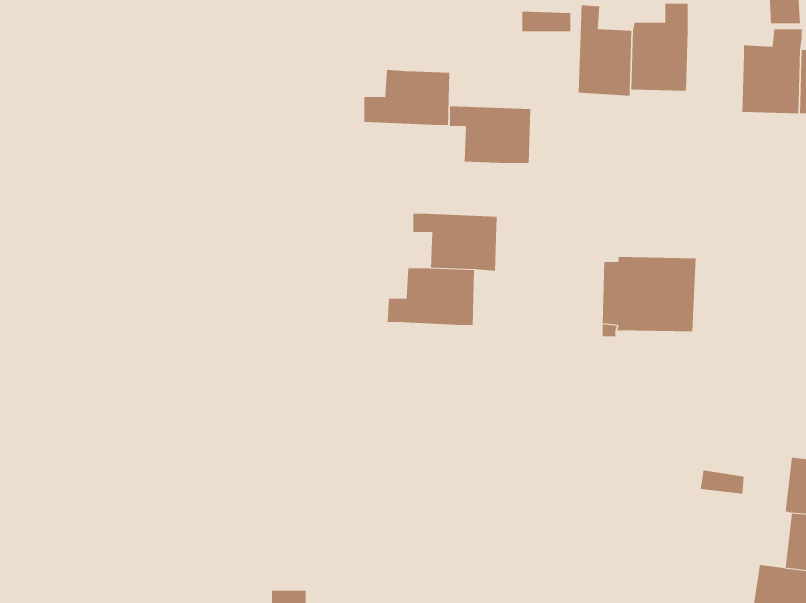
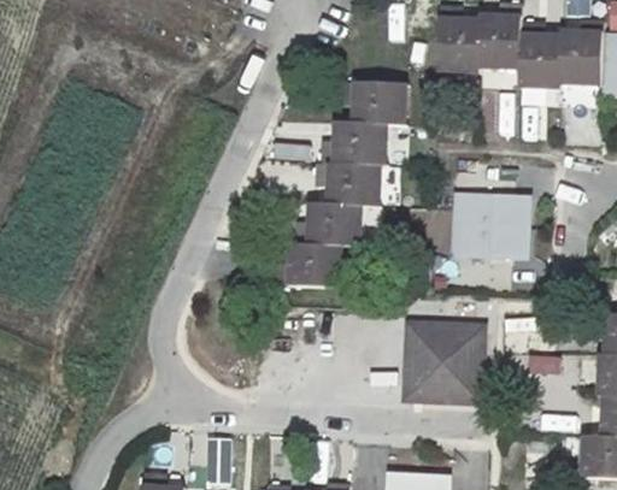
building: none -> [521,23,564,90]
building: [364,69,450,126] -> [322,120,387,163]
building: none -> [288,242,353,284]
building: none -> [405,319,477,396]

